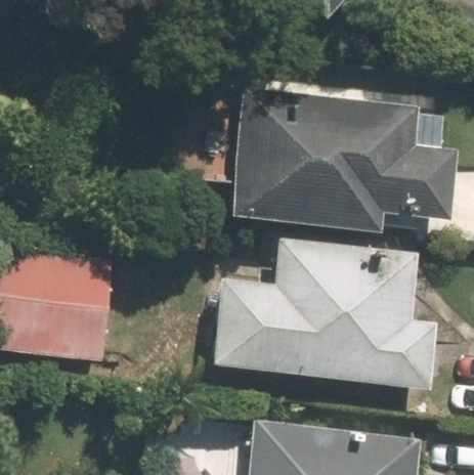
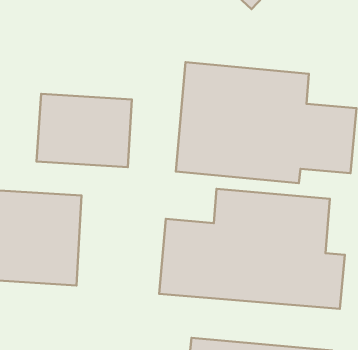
building: none -> [37,94,132,167]

